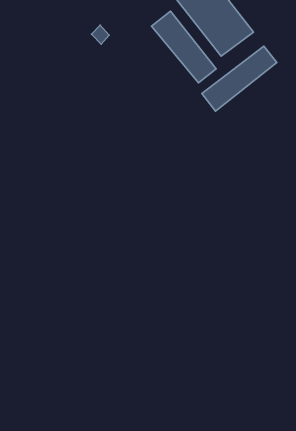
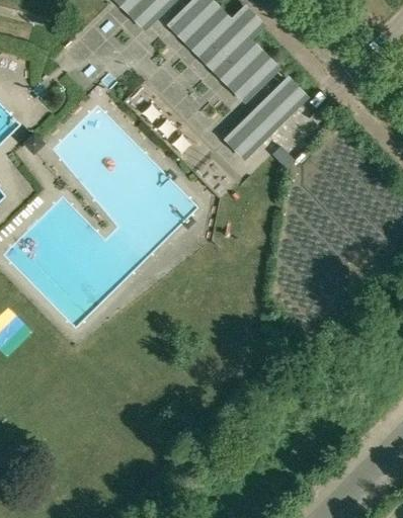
building: [152,11,216,83] -> none

